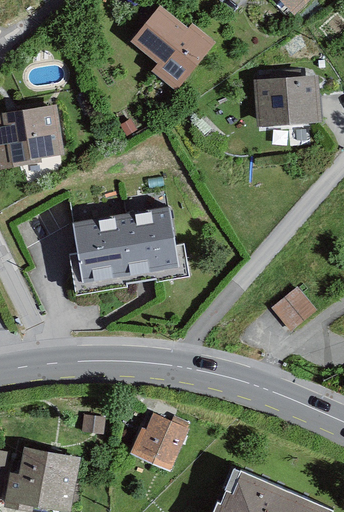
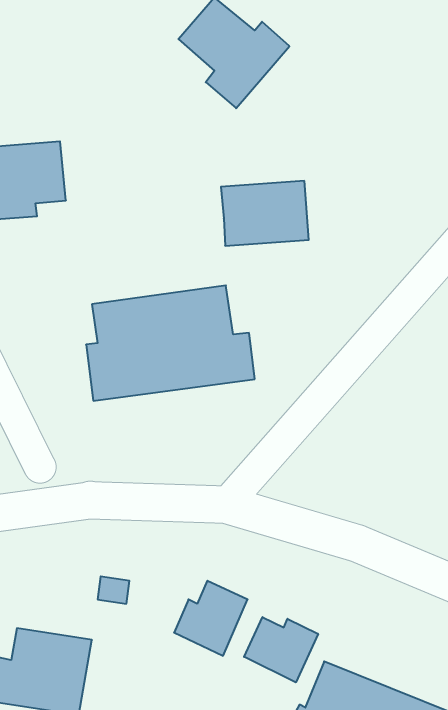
building: [255,77,316,122] -> [221,181,309,246]
building: [273,289,313,328] -> none
building: none -> [244,617,318,682]

